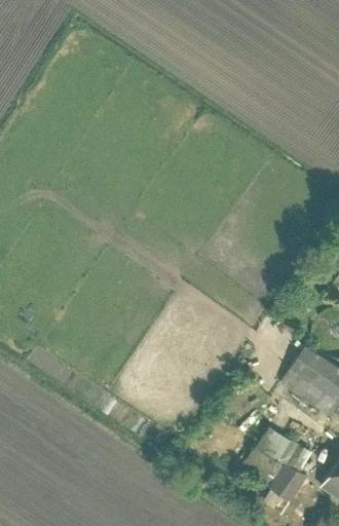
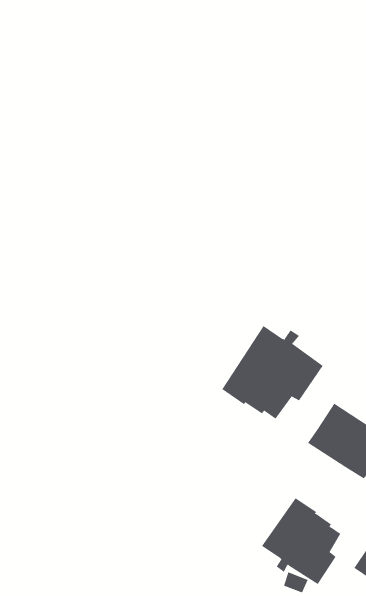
building: none -> [222,325,324,419]

